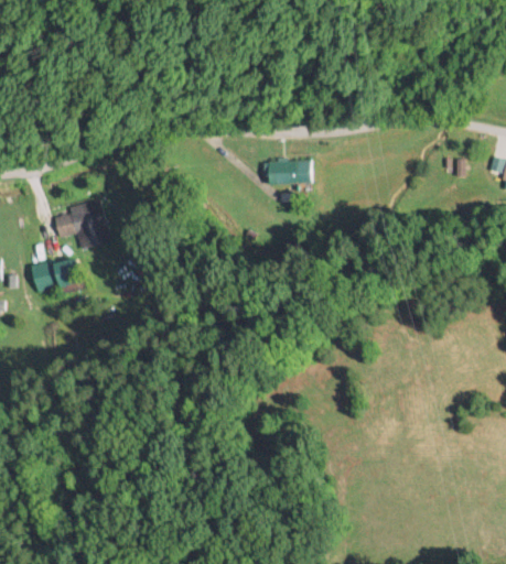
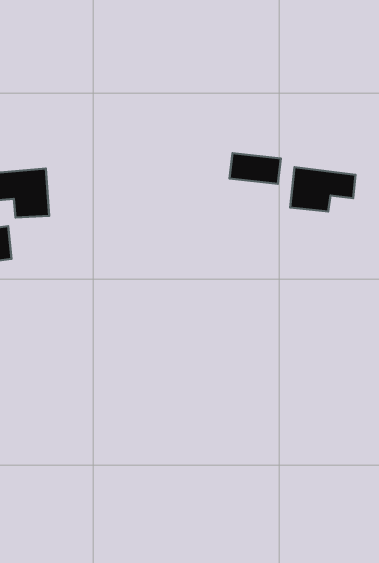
building: none -> [290,167,355,211]

